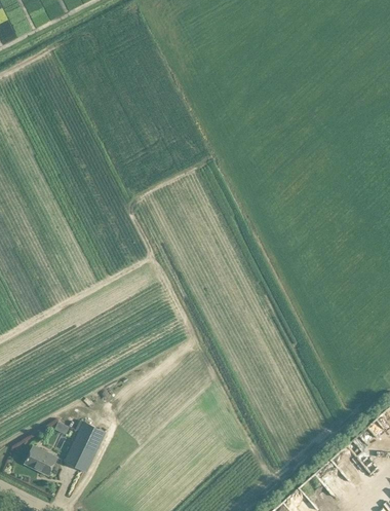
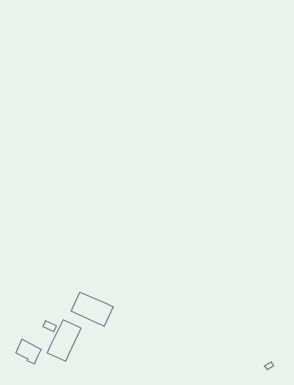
building: none -> [71,292,113,326]

